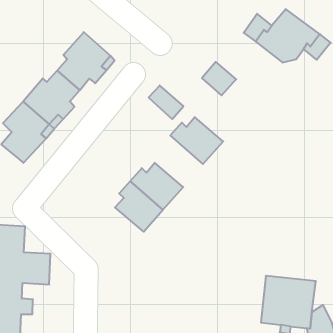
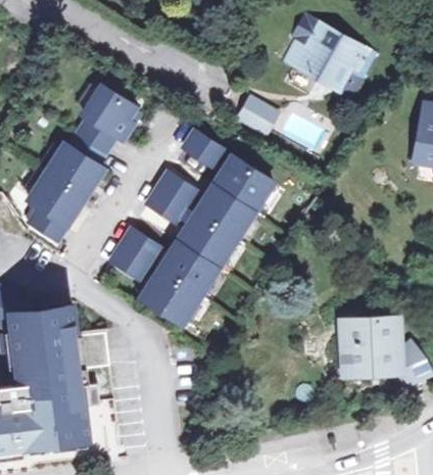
building: none -> [149,172,198,223]
building: none -> [202,184,255,238]
building: none -> [113,229,161,279]
building: none -> [143,273,202,323]

